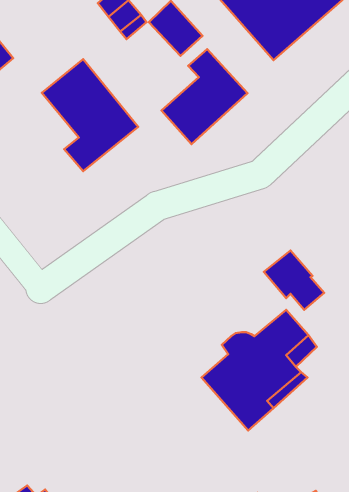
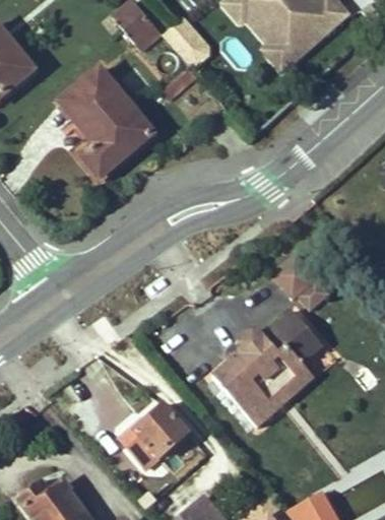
building: [161,49,247,144] -> none
building: none -> [120,405,188,467]

